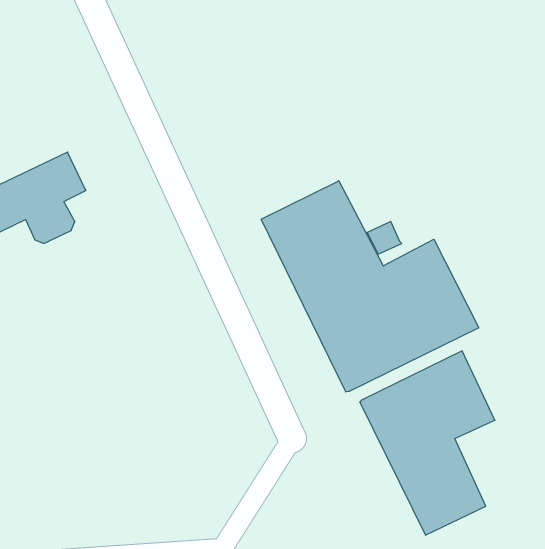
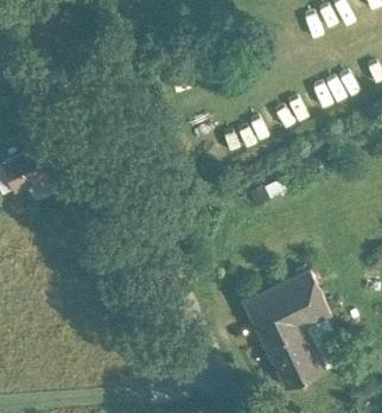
building: [261,181,479,392] -> none

